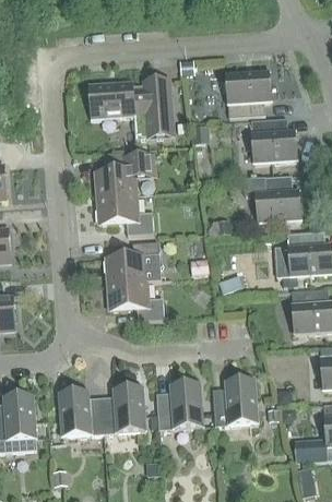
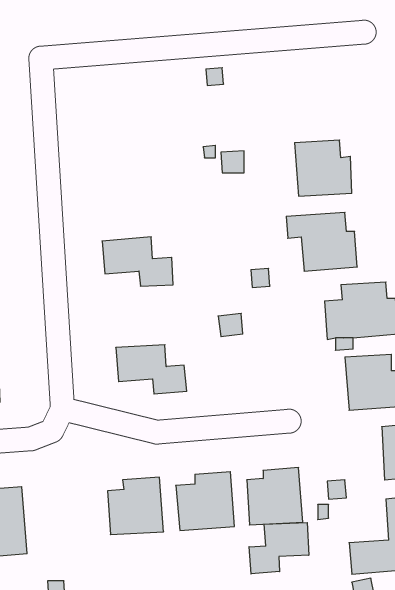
building: [226,71,271,116] -> none
building: [88,75,174,139] -> none
building: [95,154,149,198] -> none
building: [105,240,159,283] -> none
building: [59,391,103,435] -> none
building: none -> [249,523,309,574]

